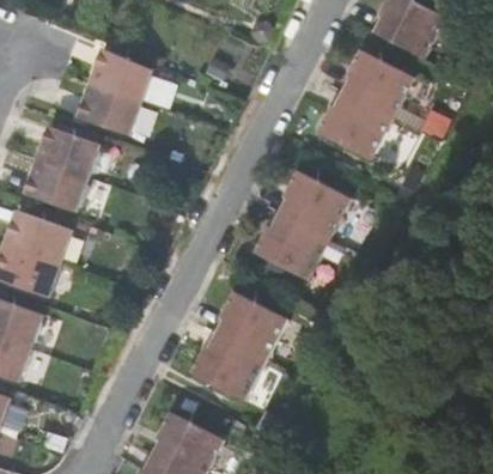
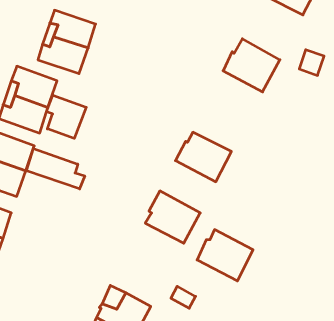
building: [342,49,412,117] -> none
building: none -> [47,95,86,138]
building: [278,171,348,237] -> none
building: none -> [27,148,85,189]
building: [193,330,266,397] -> [197,230,253,281]

